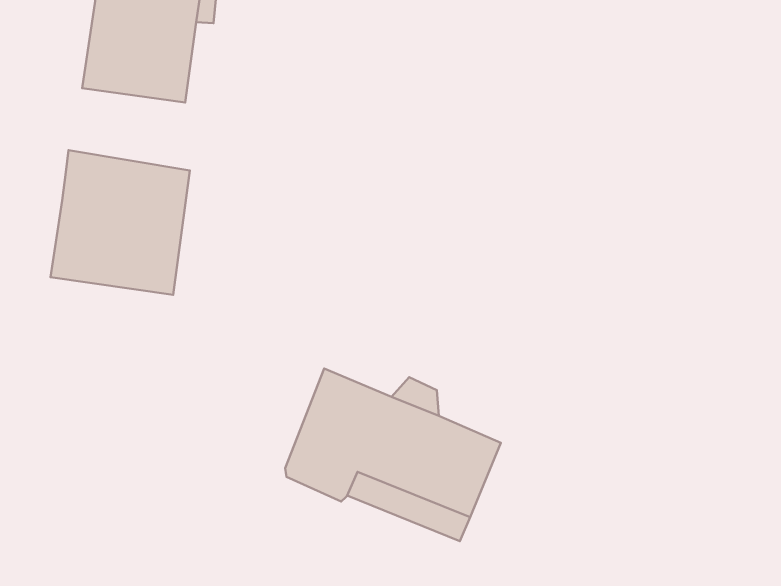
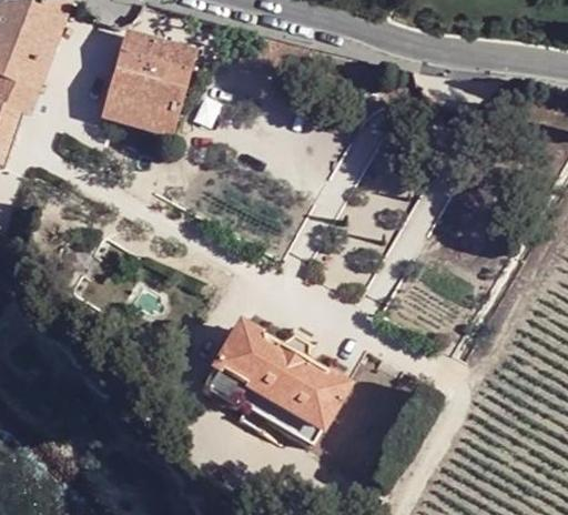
building: [51,150,190,295] -> none

